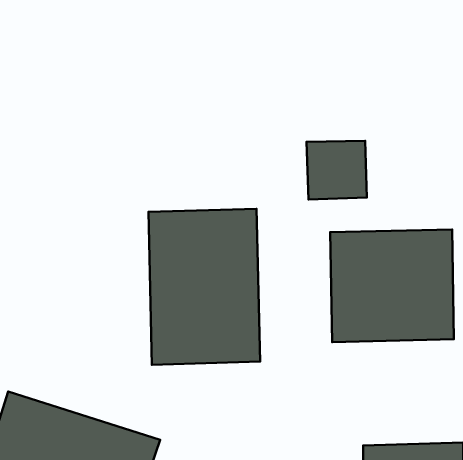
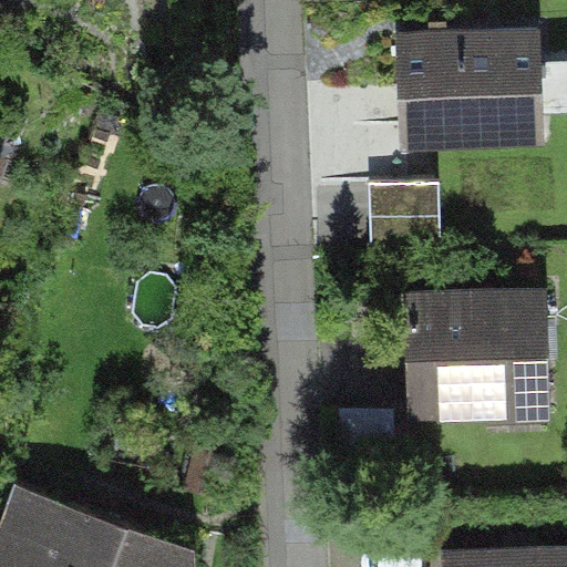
building: none -> [400,37,545,155]
building: [148,209,260,365] -> none

